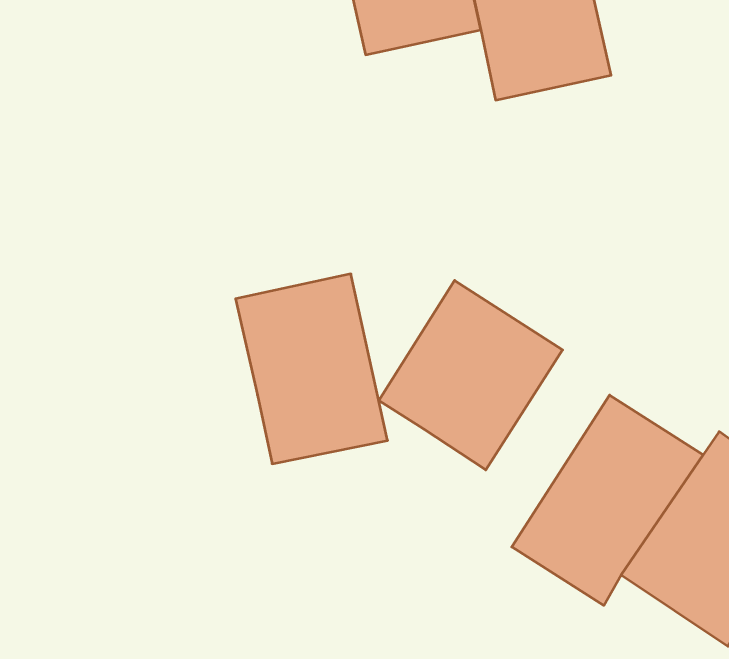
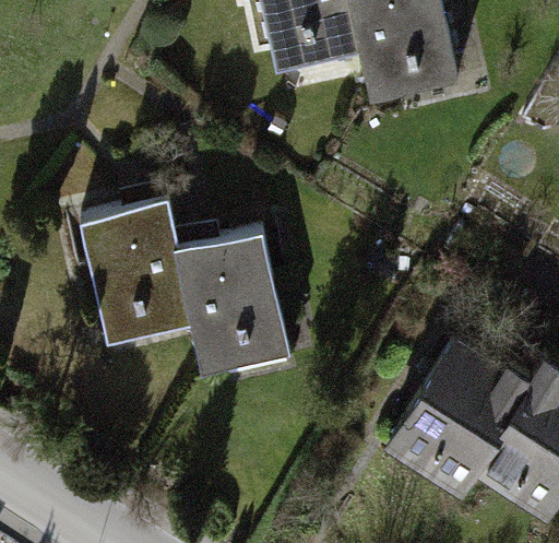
building: none -> [81,200,194,342]
building: [379,280,563,470] -> none

